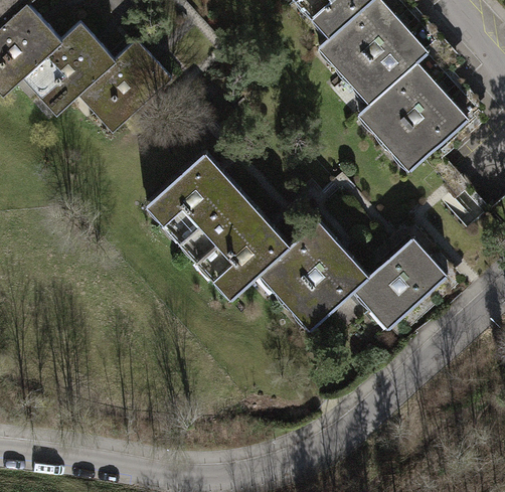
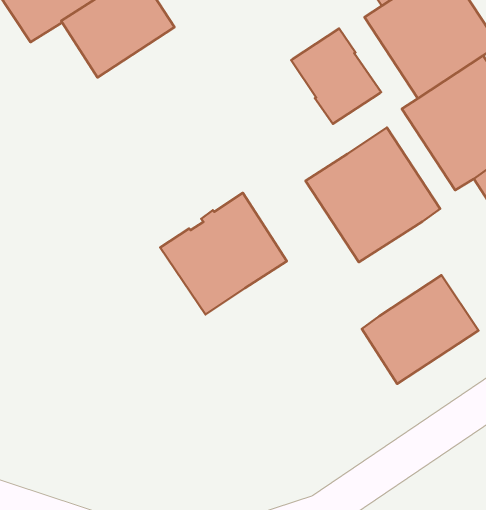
building: none -> [291,28,381,124]
building: [147,154,246,253] -> none
building: [260,222,367,330] -> [305,128,440,262]

